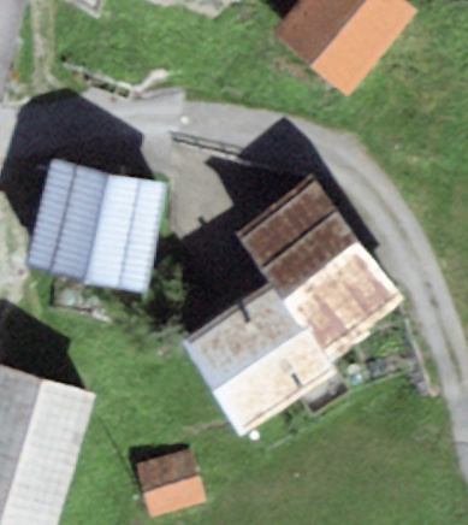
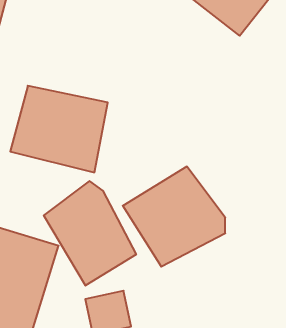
building: [237,171,404,353] -> none
building: none -> [44,181,136,286]

